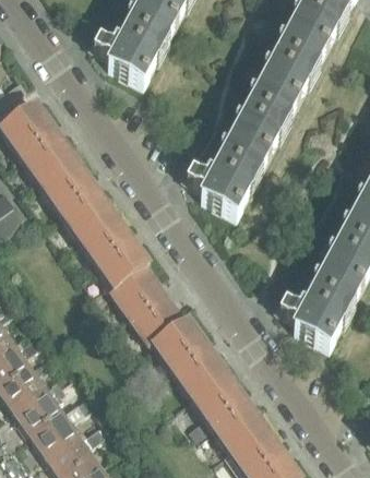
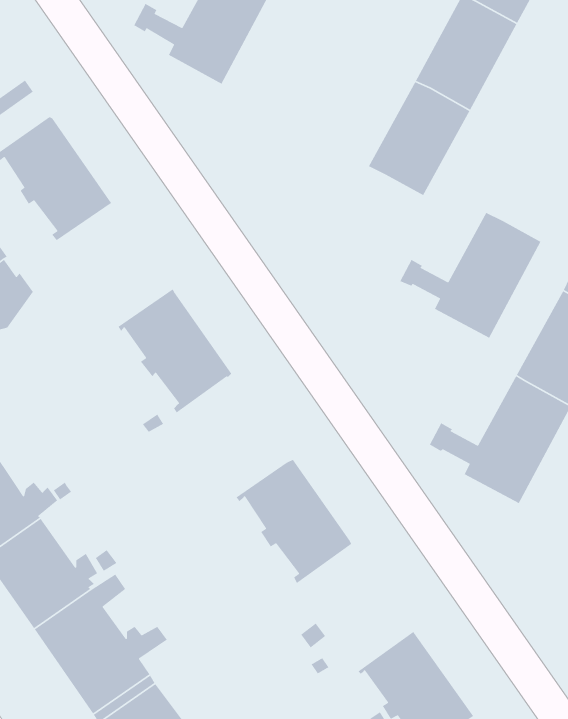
building: [177,131,266,211] -> [399,212,542,339]
building: [36,154,109,231] -> none
building: [108,263,180,340] -> none
building: [187,368,260,447] -> none

